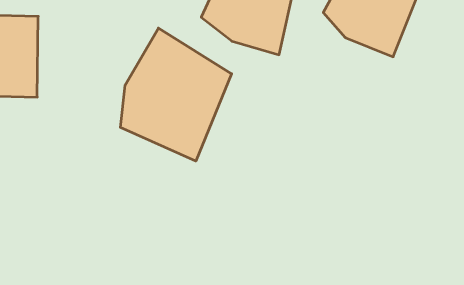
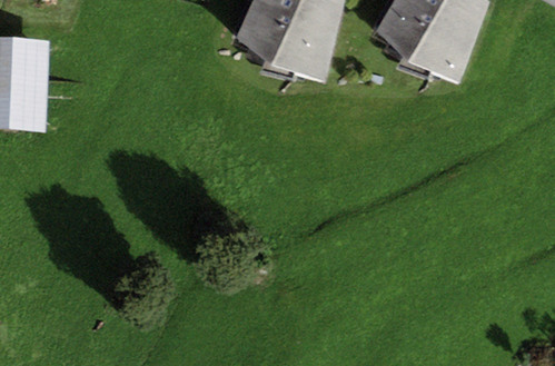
building: [120,28,232,161] -> none

